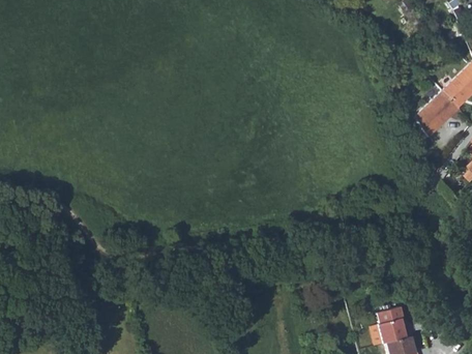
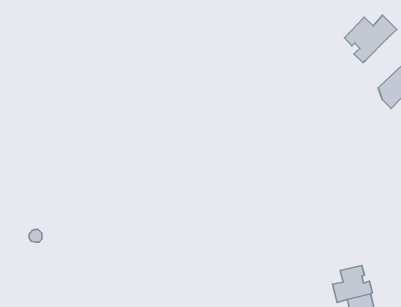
building: none -> [344,15,397,63]

